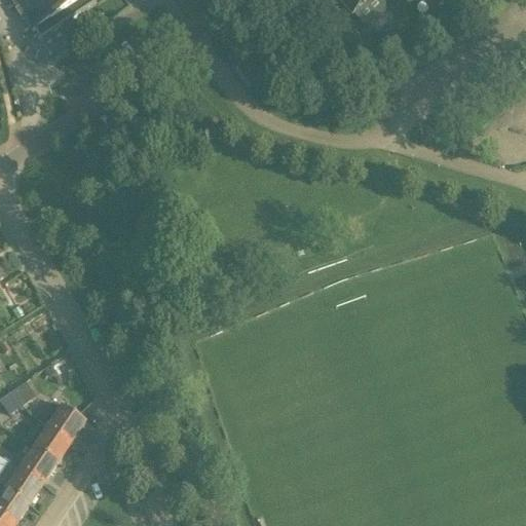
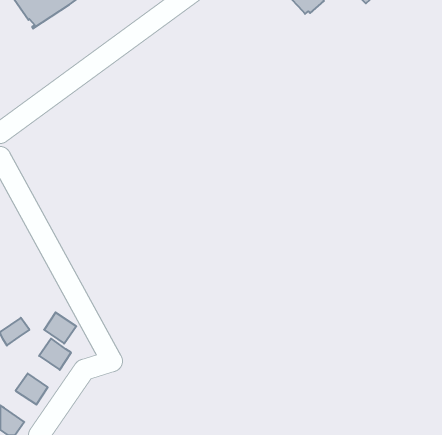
building: [34,421,72,458] -> [44,312,76,344]
building: [6,462,44,499] -> none

